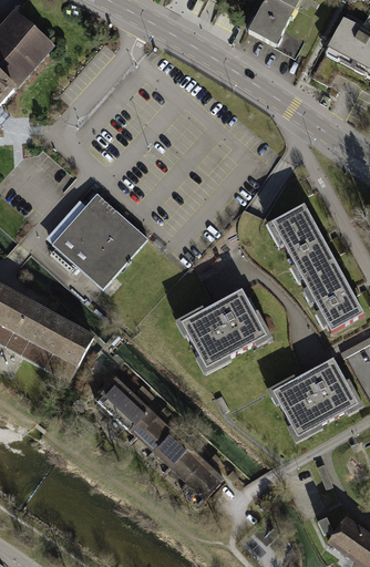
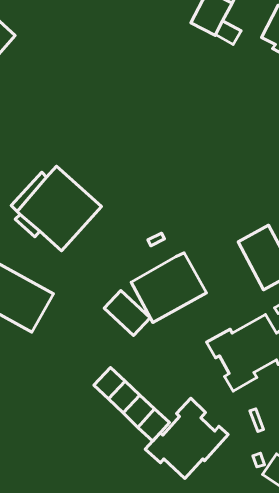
building: [271,205,336,277] -> none
building: [105,388,157,439] -> [104,290,150,336]
building: none -> [145,398,228,478]

